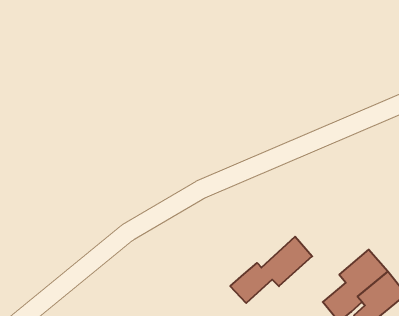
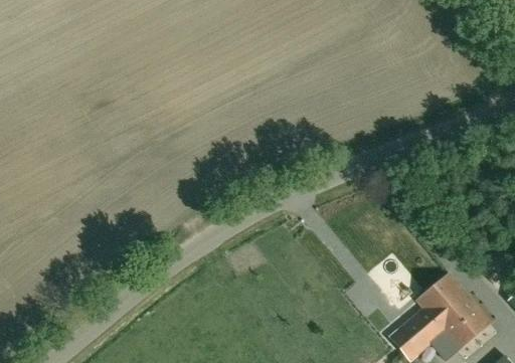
building: [230,237,312,303] -> none

